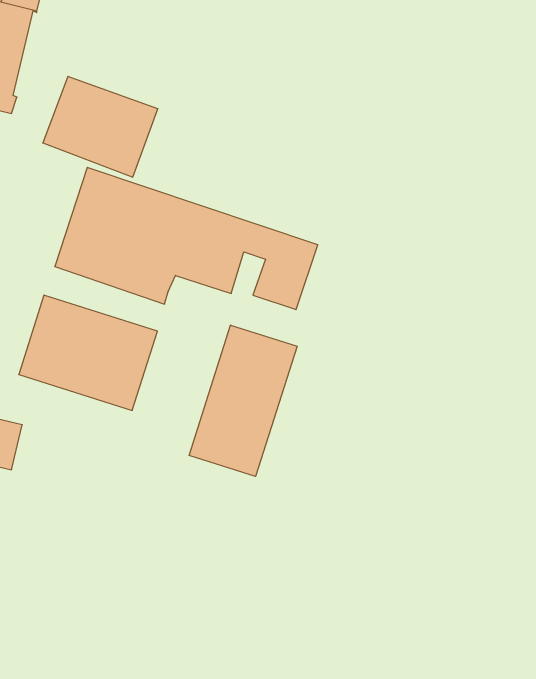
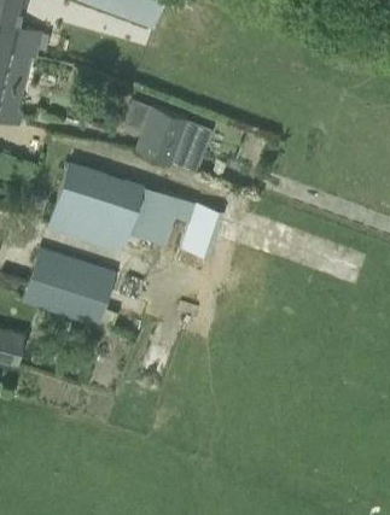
building: [43,76,158,177] -> [134,107,211,175]
building: [189,325,297,476] -> none

